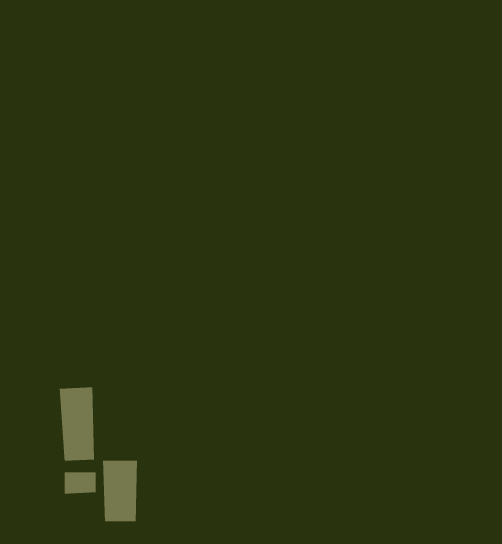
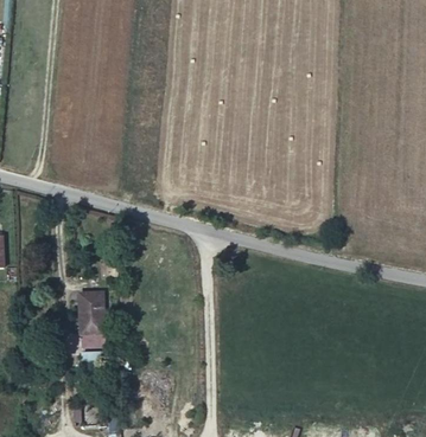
building: [102,460,138,522] -> none

